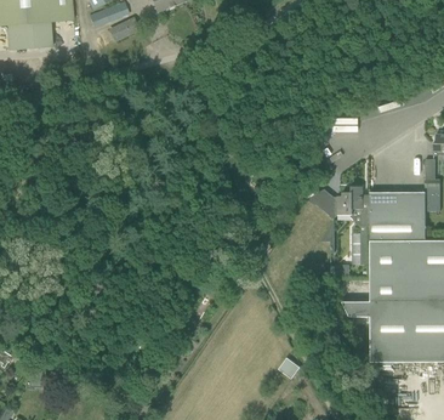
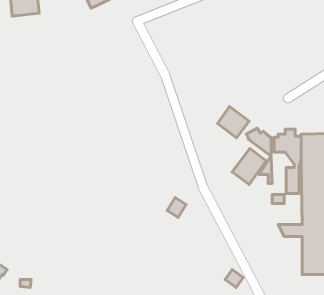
building: none -> [218,106,249,138]
building: none -> [232,149,266,185]

